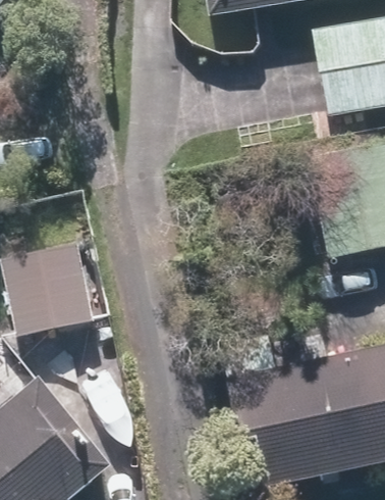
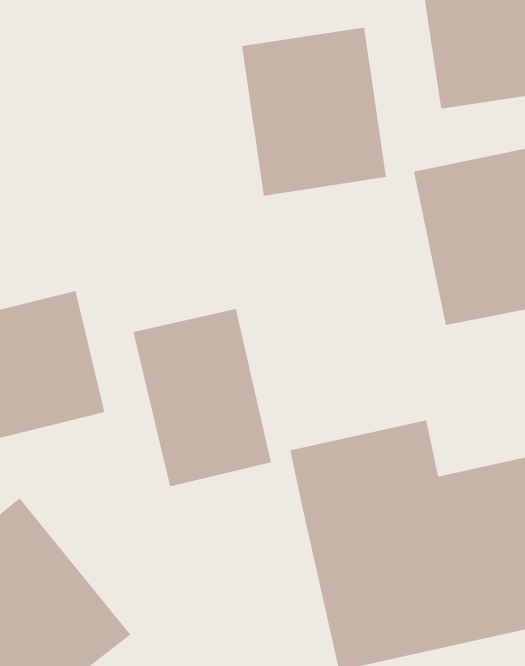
building: none -> [241,27,386,196]
building: none -> [133,308,272,487]

